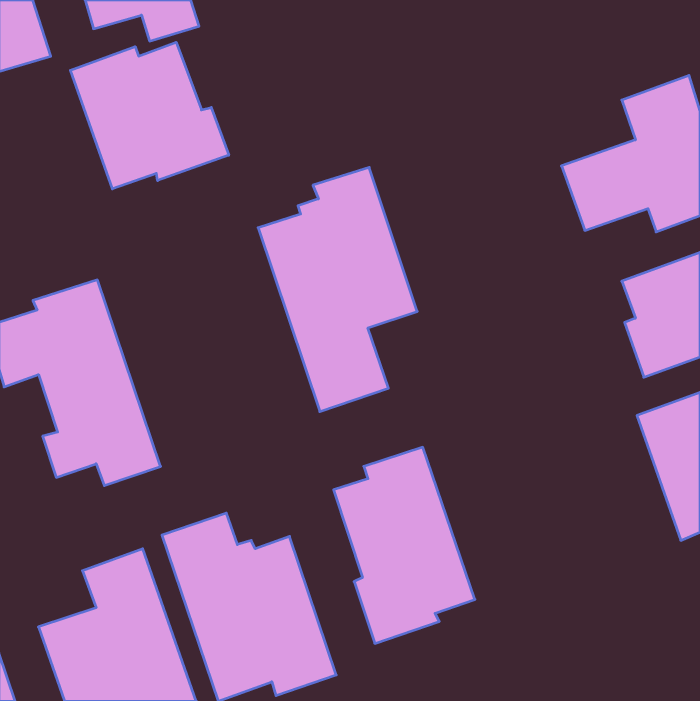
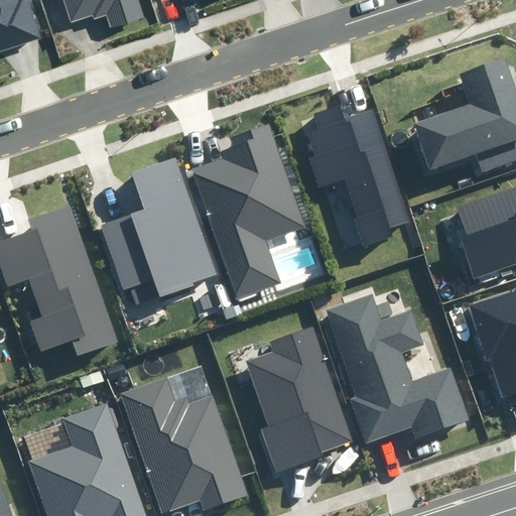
building: [70,42,229,189] -> none
building: none -> [309,105,409,249]
building: none -> [100,159,217,294]
building: none -> [326,294,469,444]

